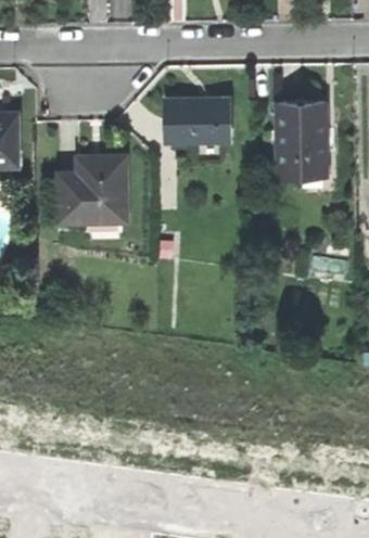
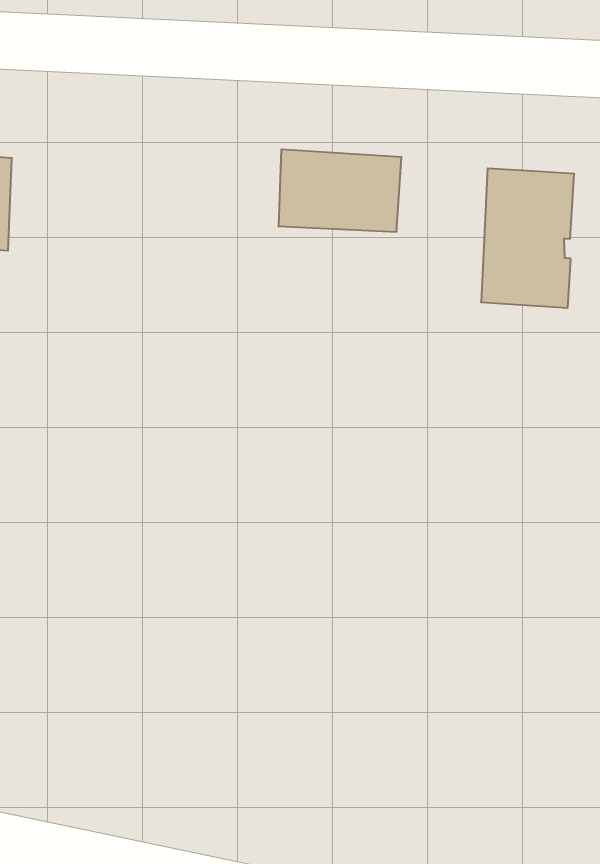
building: [61,159,127,221] -> none

